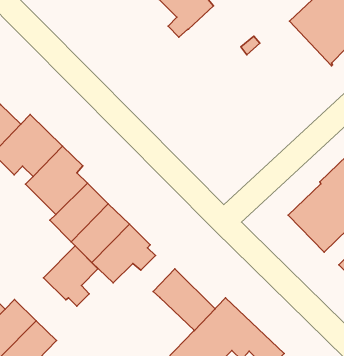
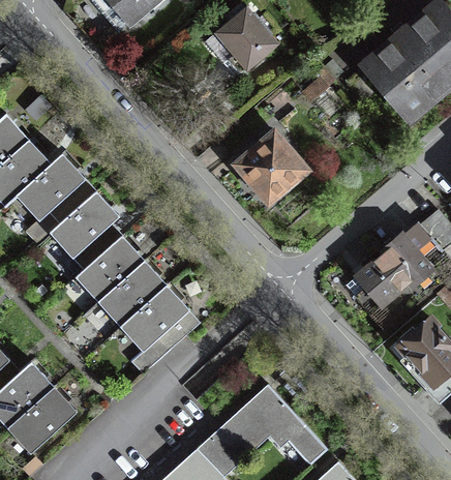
building: none -> [238,136,304,201]
building: [43,246,98,306] -> none
building: [153,269,215,330] -> none

